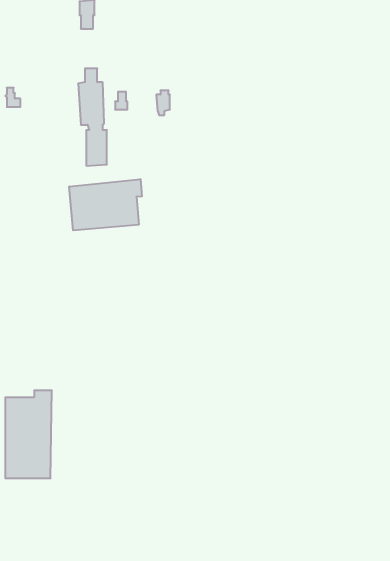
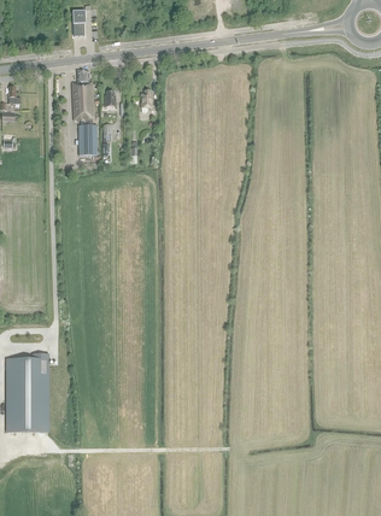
building: [69,179,142,230] -> none

